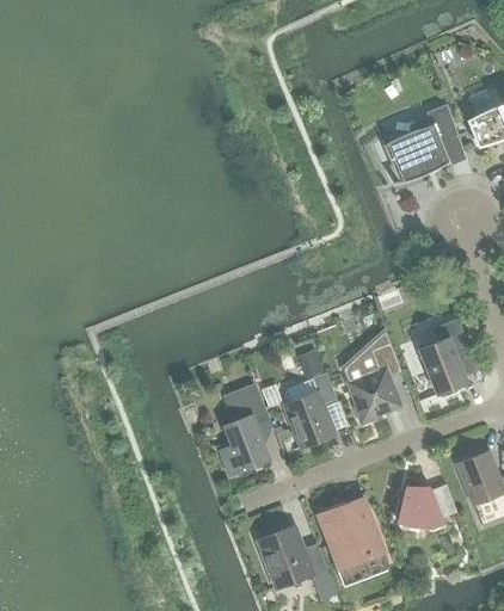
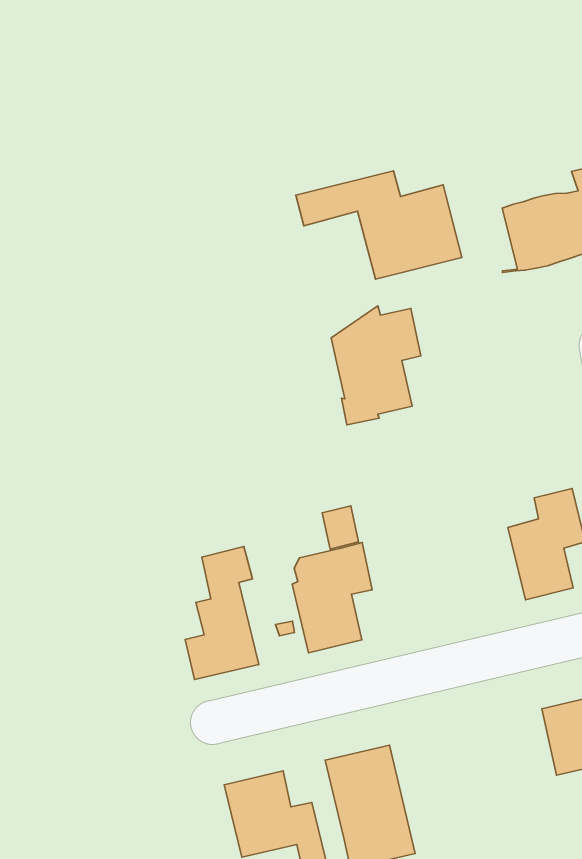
building: none -> [296,171,462,279]
building: [343,342,402,424] -> [331,306,421,425]
building: [398,481,457,526] -> none

